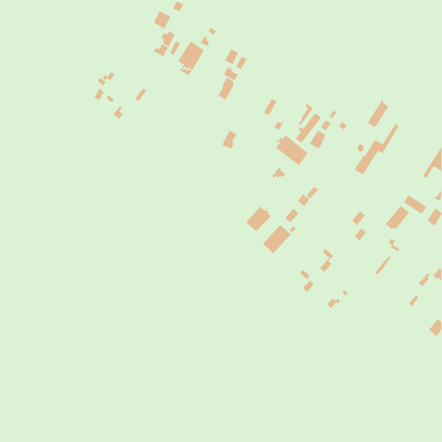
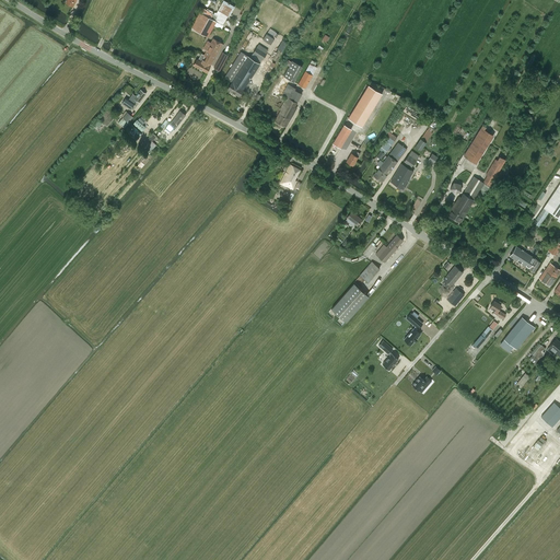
building: none -> [348,84,382,127]
building: [275,134,309,166] -> none
building: [385,205,410,230] -> [502,317,534,349]
building: [245,206,272,232] -> none

